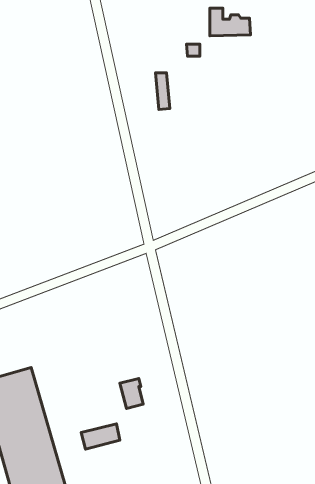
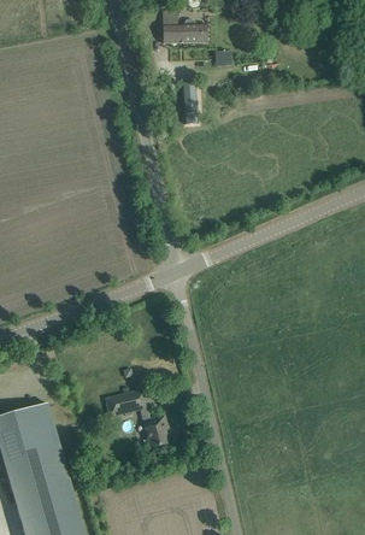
building: [210,8,251,36] -> [163,12,207,42]
building: [81,424,120,449] -> [105,388,147,416]

